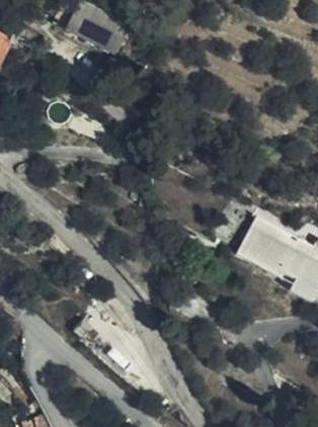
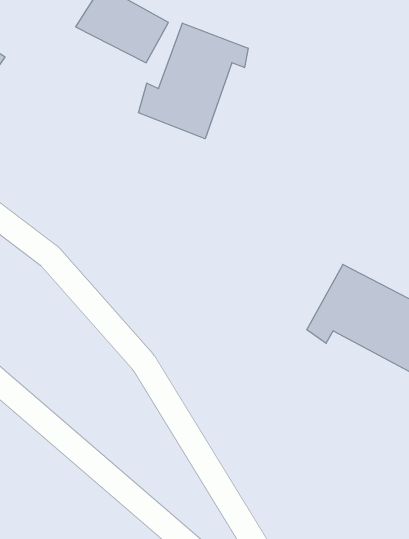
building: none -> [139,23,248,139]

